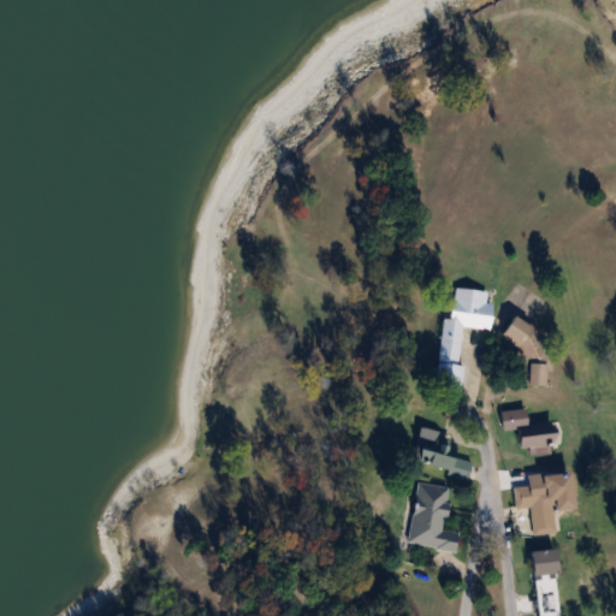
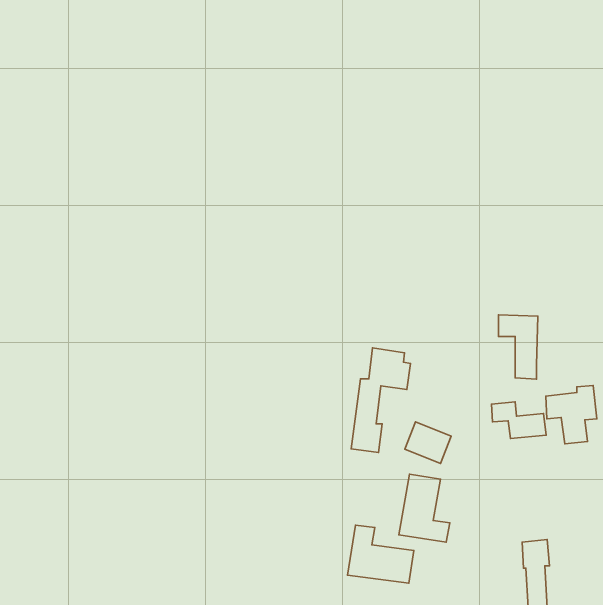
building: [433,288,493,393] -> [351,348,411,453]
building: [514,475,565,534] -> [546,386,597,444]
building: none -> [348,525,414,583]

